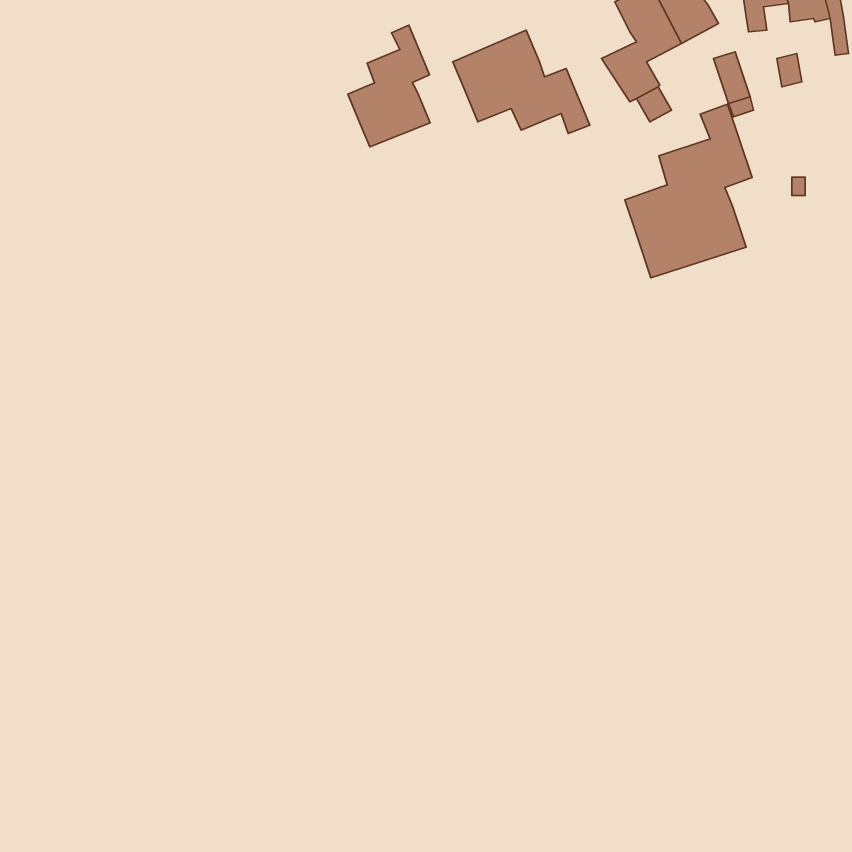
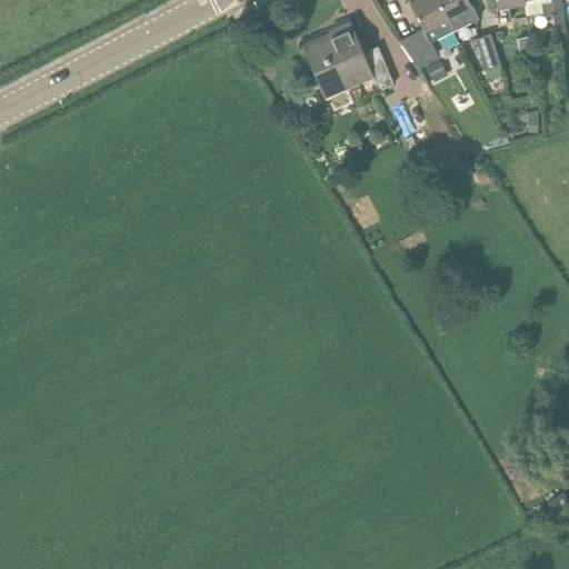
building: [348,25,430,147] -> none
building: [625,104,752,278] -> none

